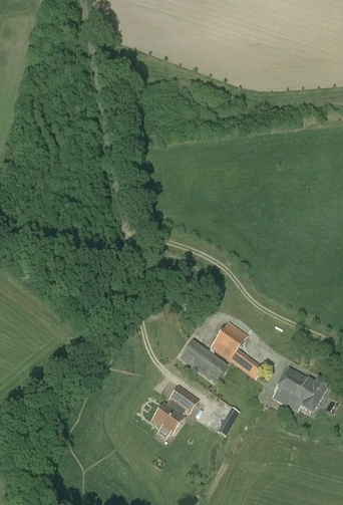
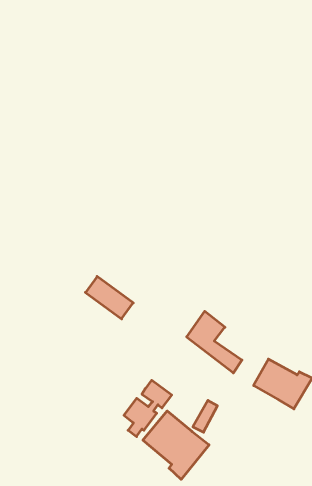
building: [181,339,226,380] -> [85,276,133,319]
building: none -> [143,411,209,479]

